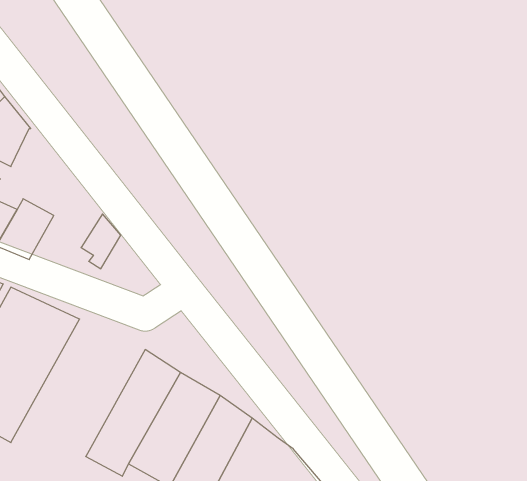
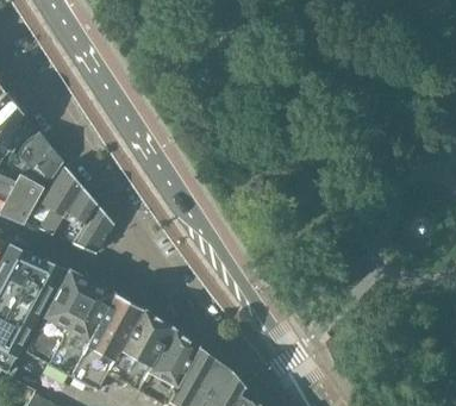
building: none -> [18,136,60,181]
building: none -> [38,167,81,236]
building: none -> [71,204,113,254]
building: none -> [25,271,114,376]

